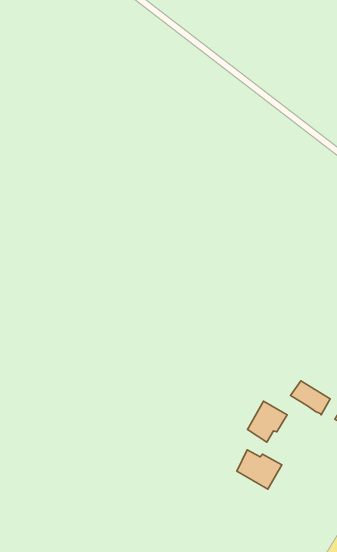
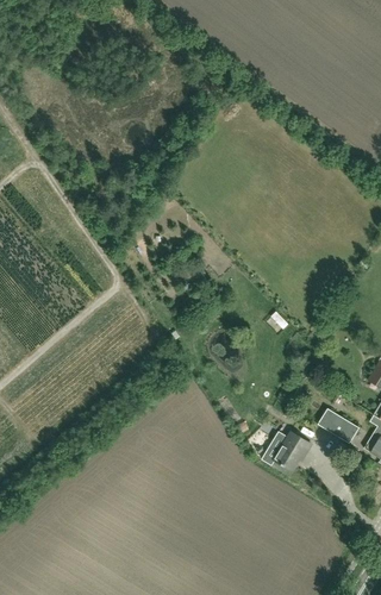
building: [237,450,282,489] -> none

